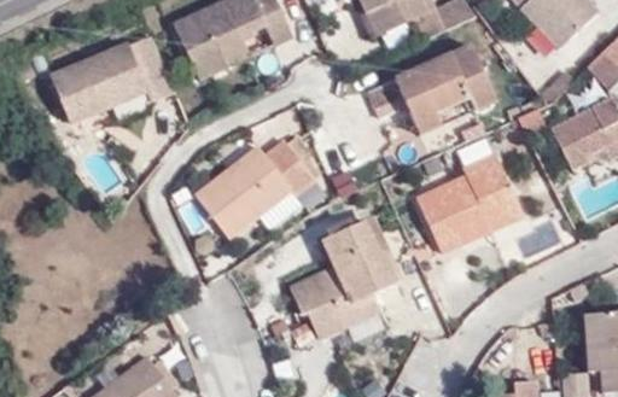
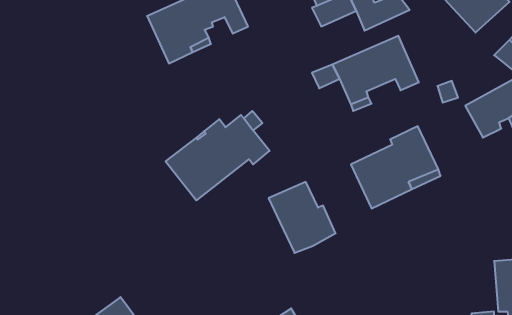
building: [46,27,171,124] -> none
building: [288,267,379,337] -> none

